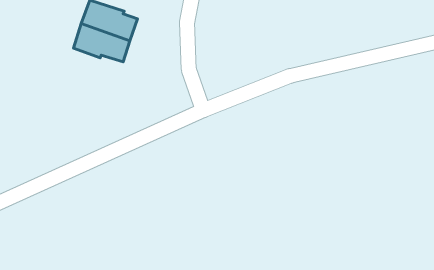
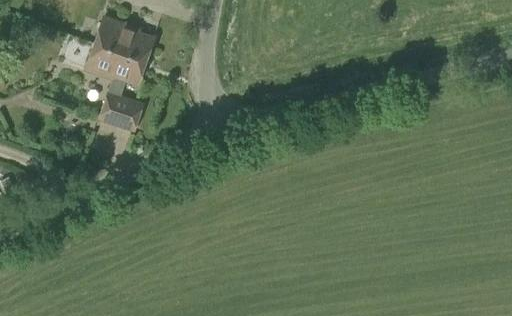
building: none -> [100,92,143,129]

